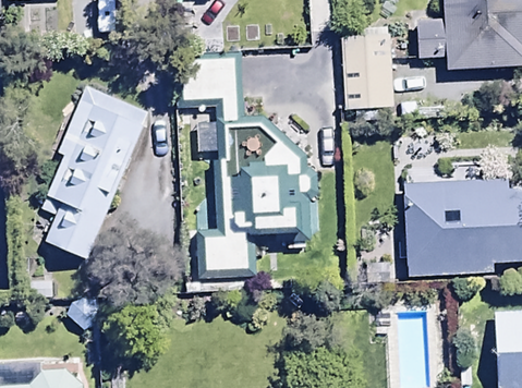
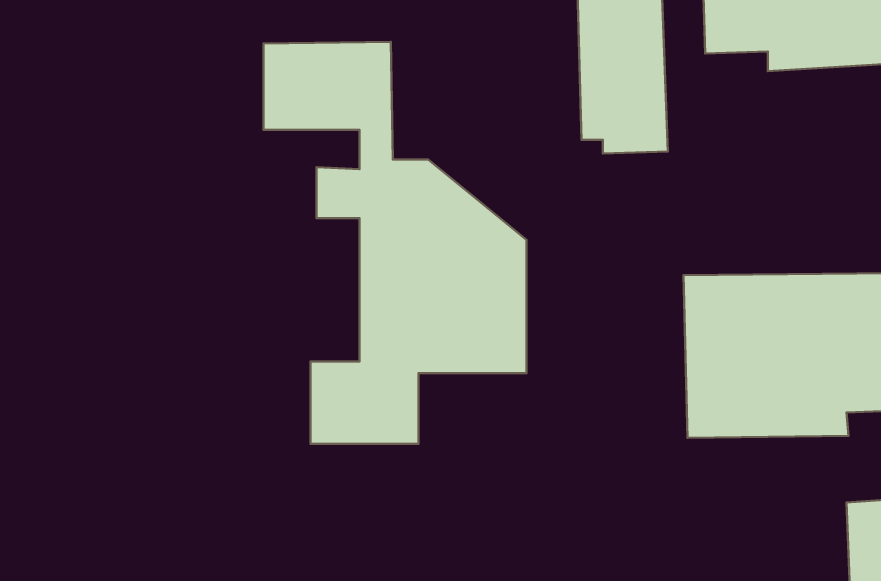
building: [44,86,146,263] -> none

